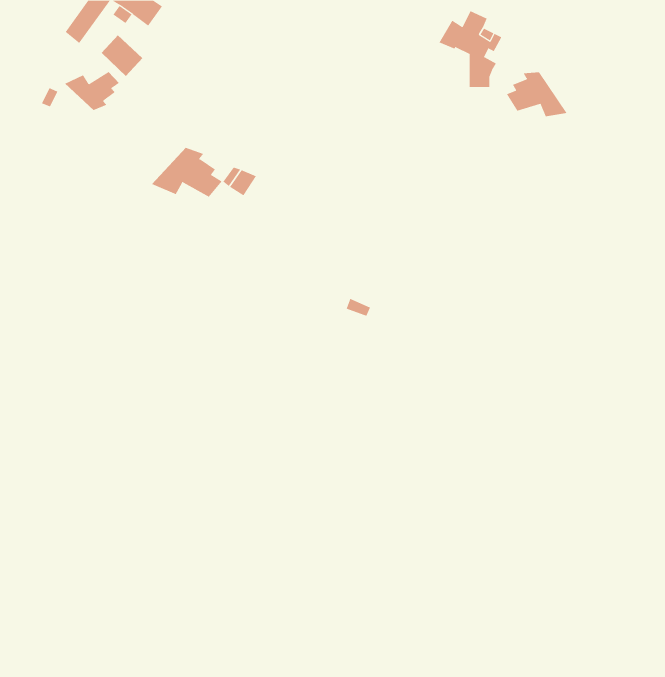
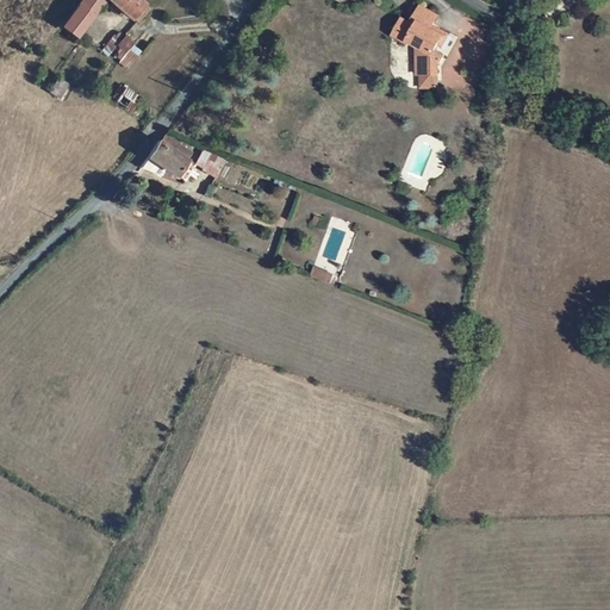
building: [64,71,120,111] -> none
building: [506,71,568,117] -> none

